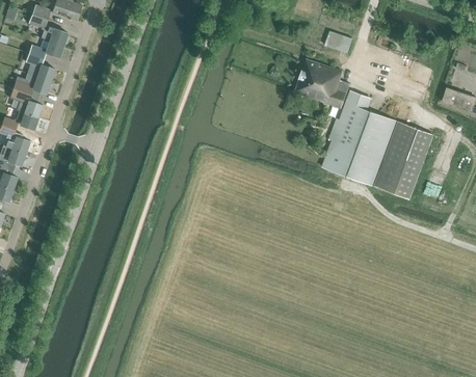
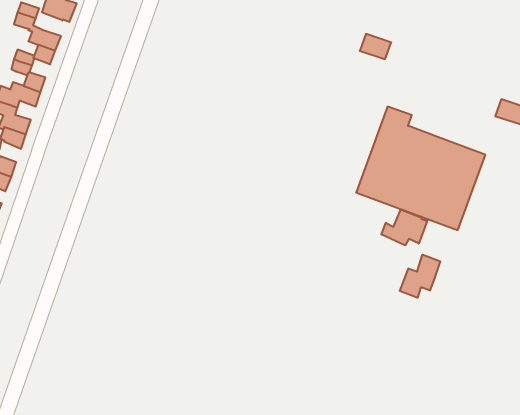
building: [295,59,350,108] -> none
building: none -> [381,209,427,245]
building: none -> [400,255,440,298]

